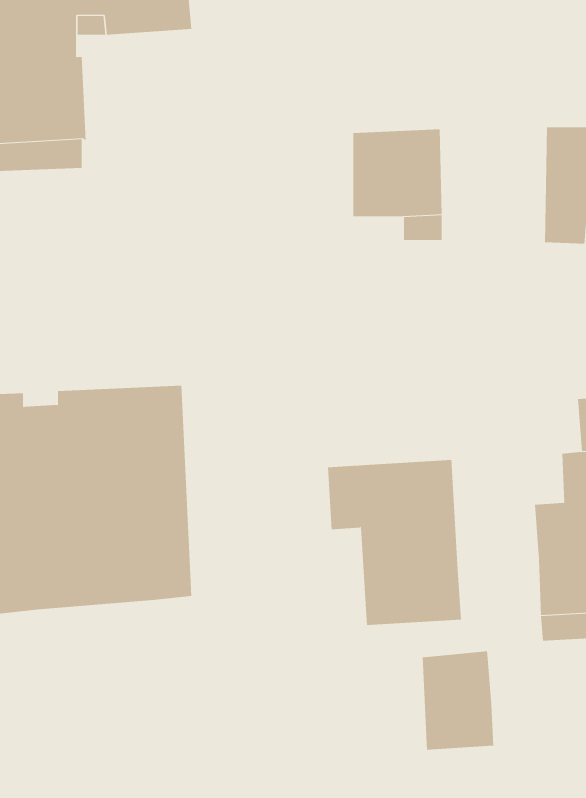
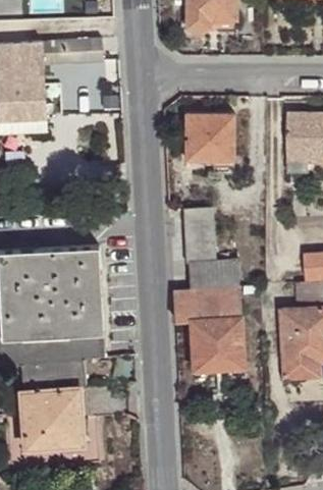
building: none -> [185,207,238,288]
building: none -> [20,359,86,448]
building: [422,651,494,750] -> none

